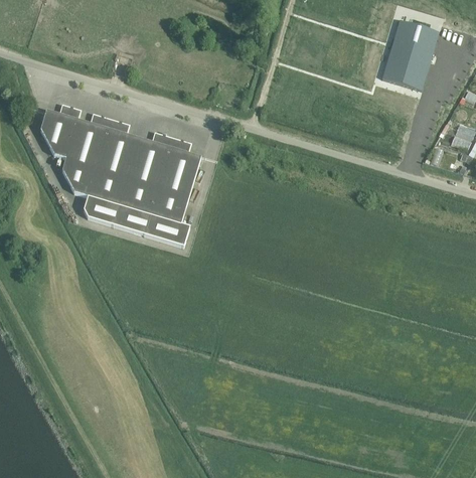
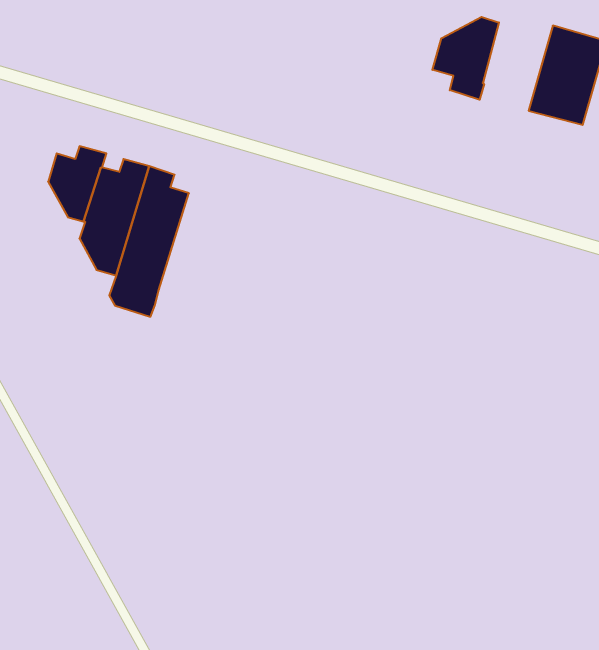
building: none -> [432,17,499,100]
building: [116,133,201,240] -> none

